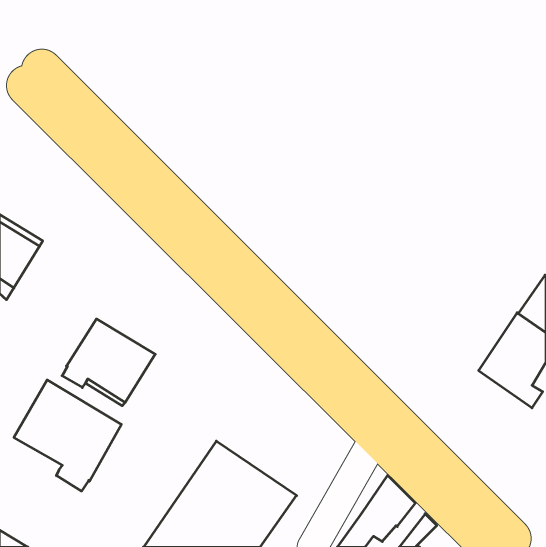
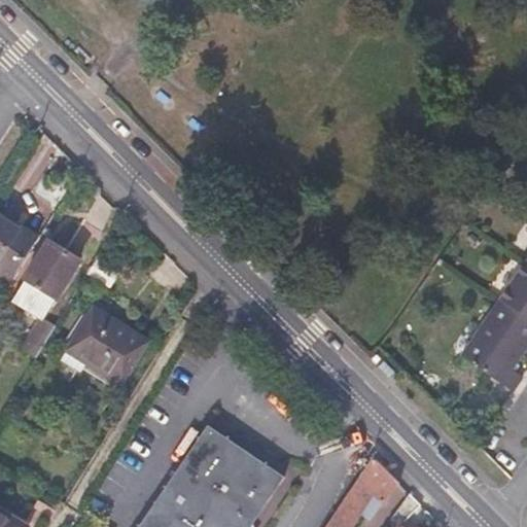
building: none -> [11,241,80,359]
building: [14,380,121,491] -> none

